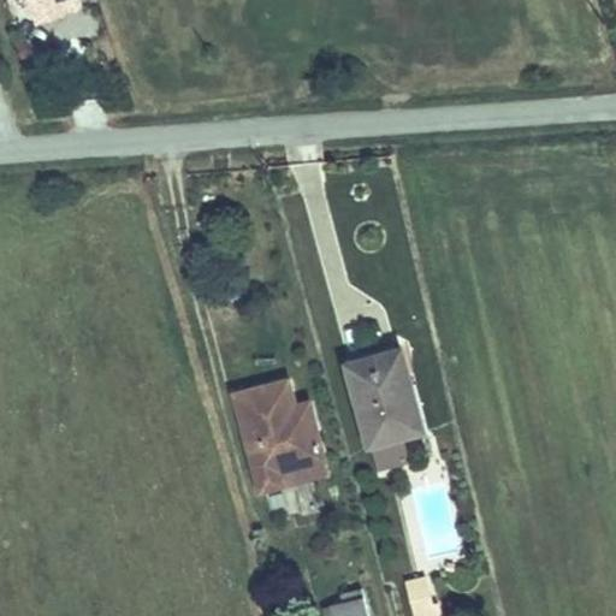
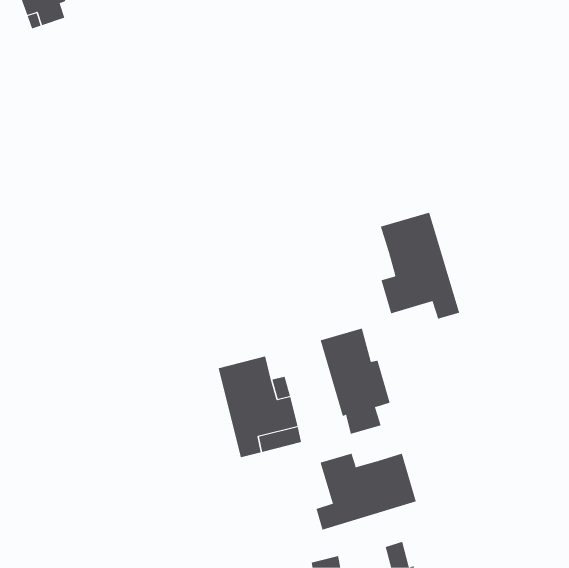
building: none -> [380,212,460,319]
building: none -> [316,453,417,530]

